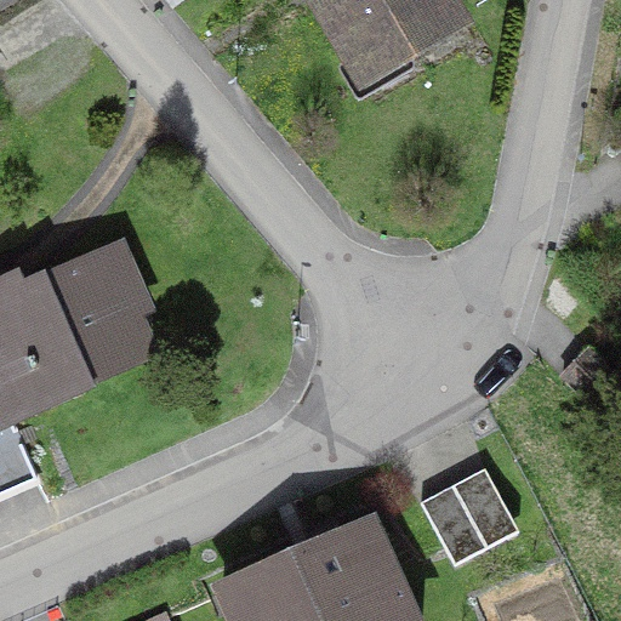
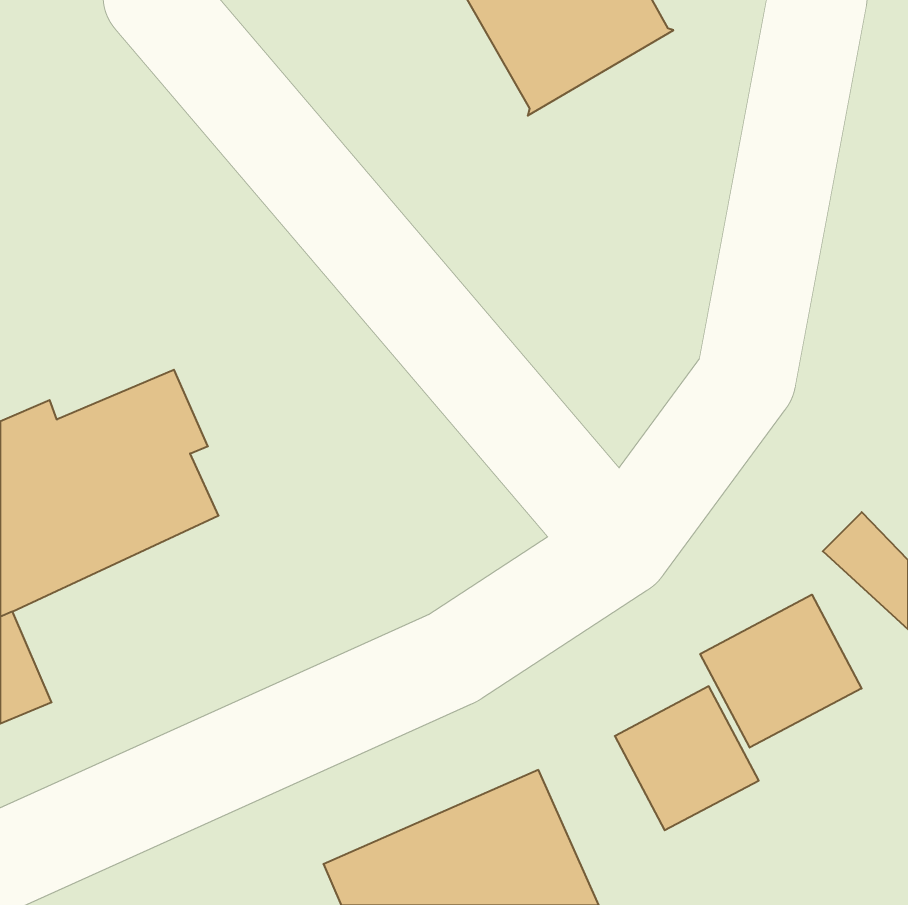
building: none -> [700,595,862,748]

